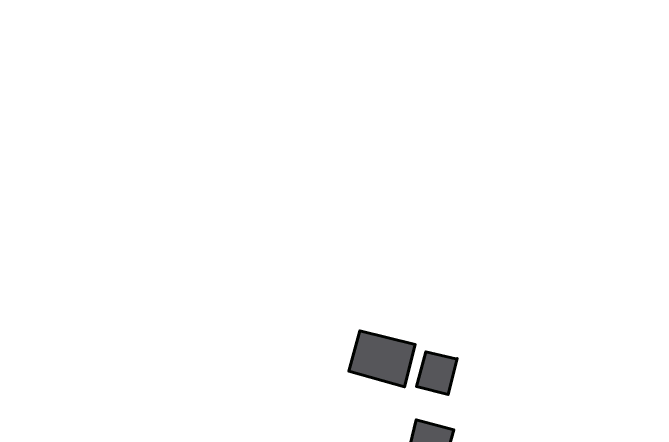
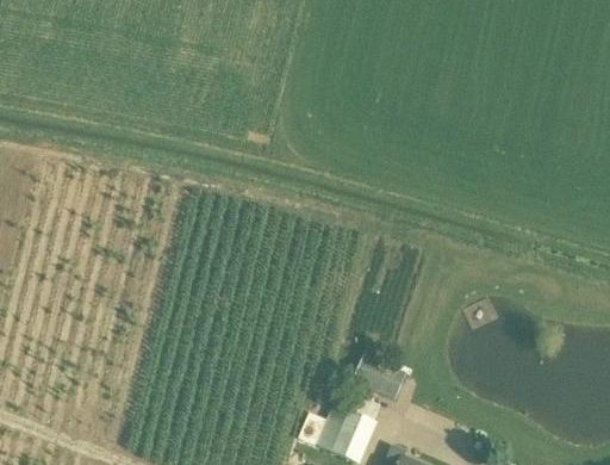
building: [349,331,415,387] -> none

